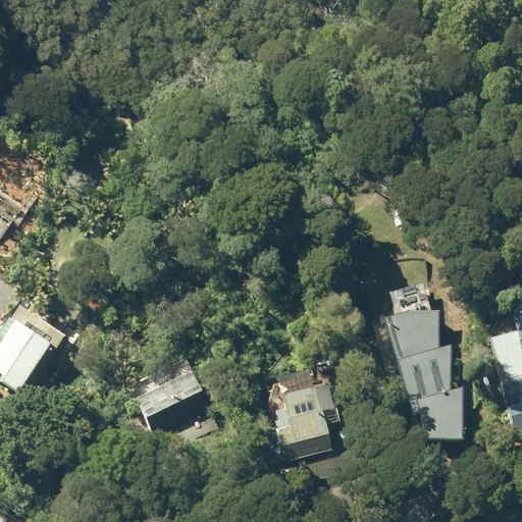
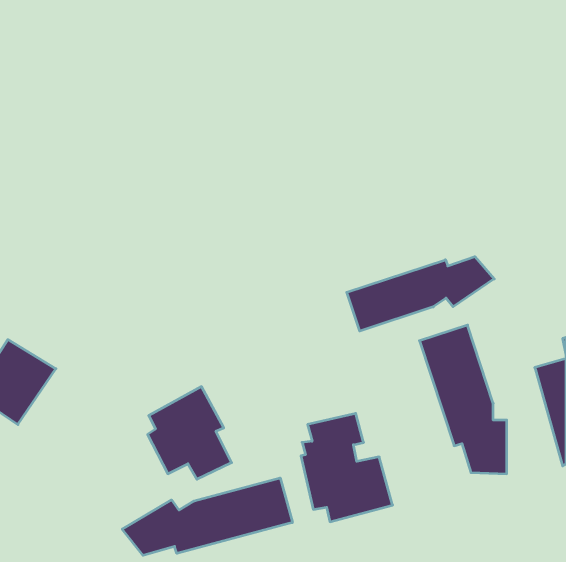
building: none -> [347,257,494,331]
building: none -> [122,478,292,555]

